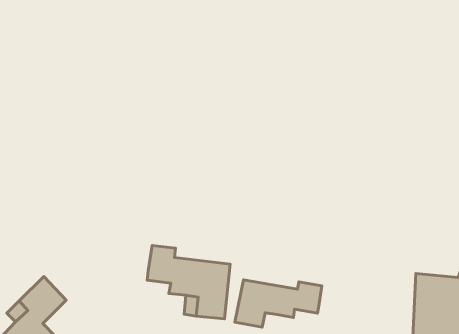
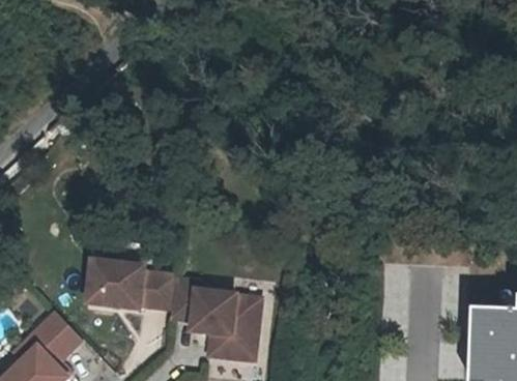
building: none -> [93,262,178,307]
building: [235,280,322,327] -> none

